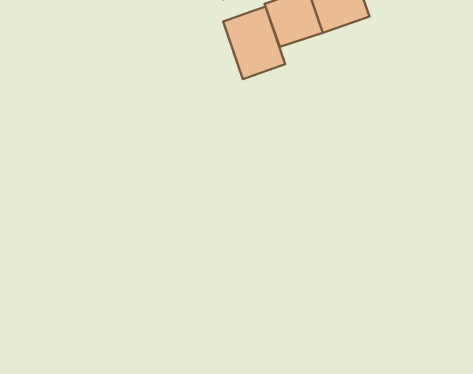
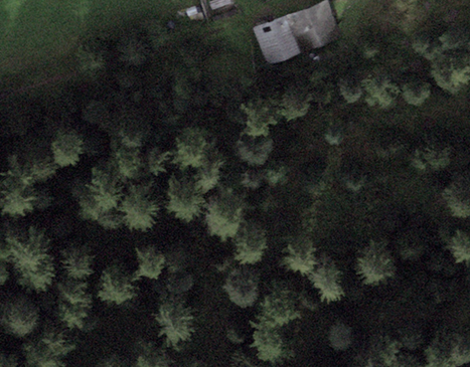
building: [223,7,285,79] -> none

